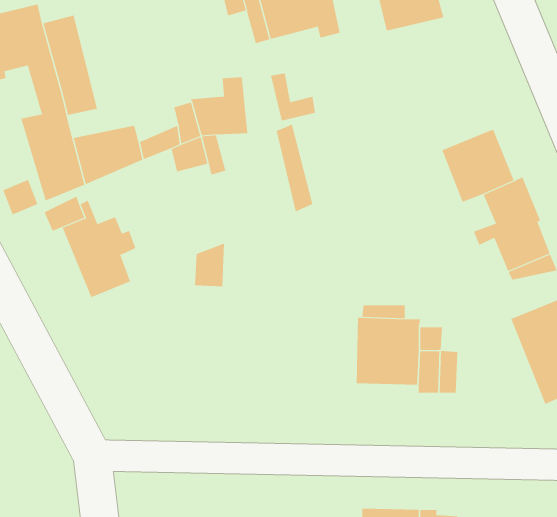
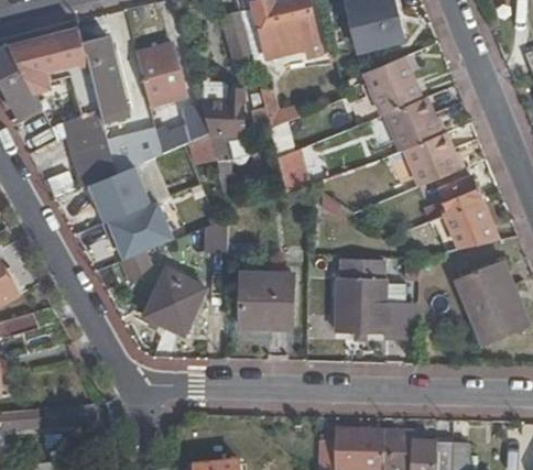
building: none -> [138,42,188,103]
building: none -> [362,55,439,146]
building: none -> [144,269,206,337]
building: none -> [239,270,293,329]

